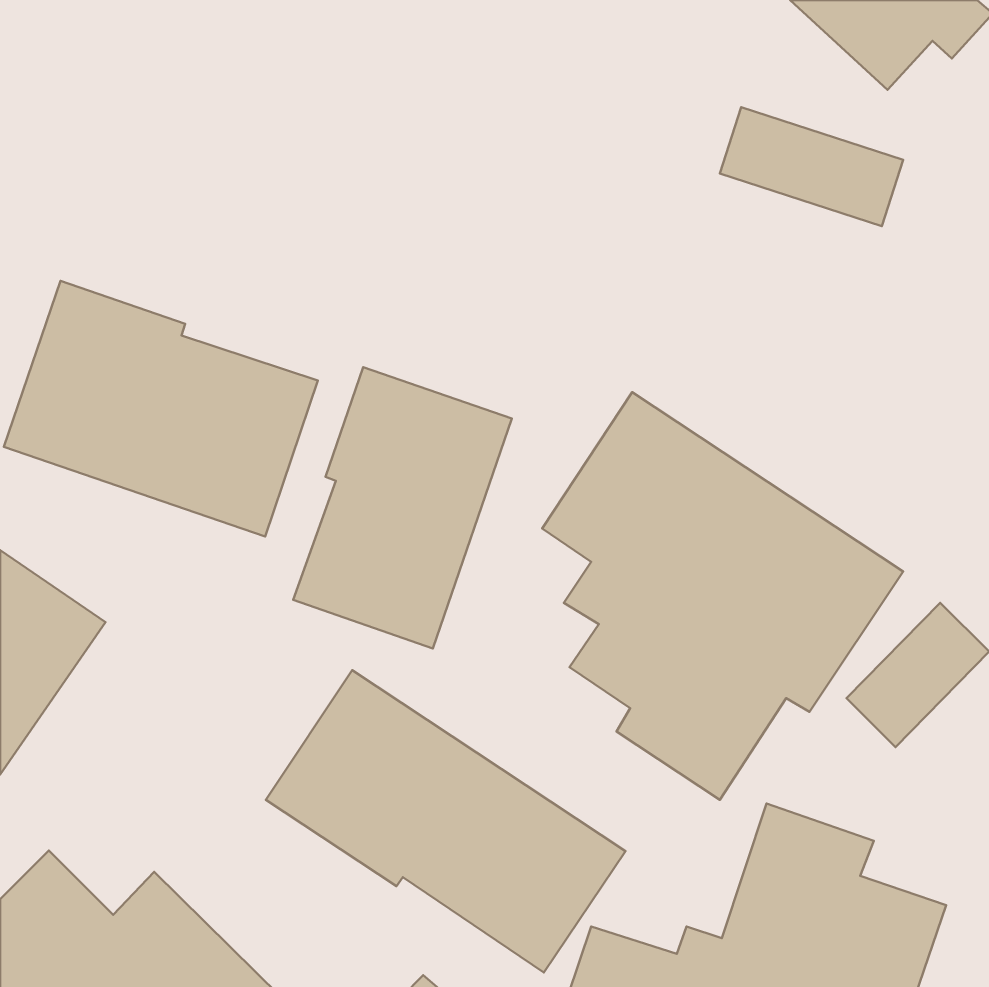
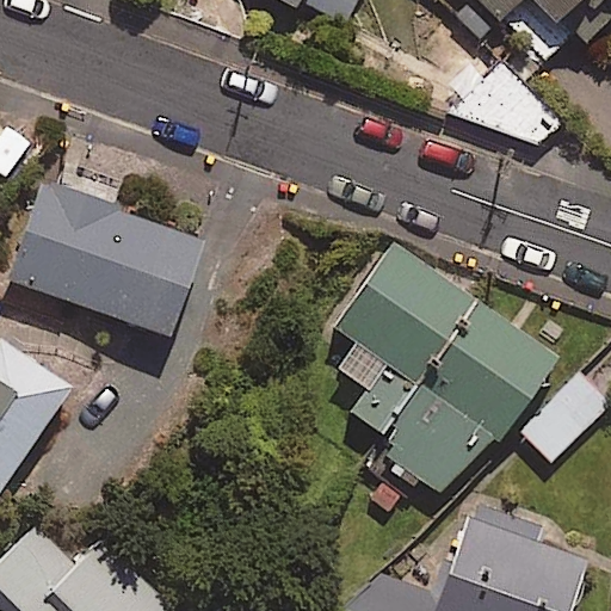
building: [293,367,512,648] -> none
building: [266,670,625,973] -> none

